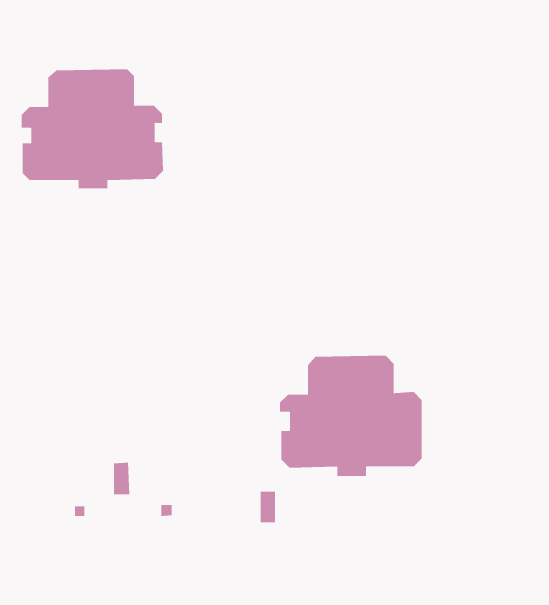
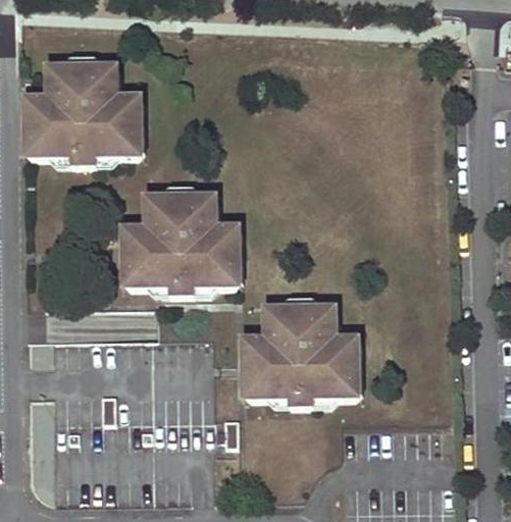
building: none -> [120,191,241,293]

